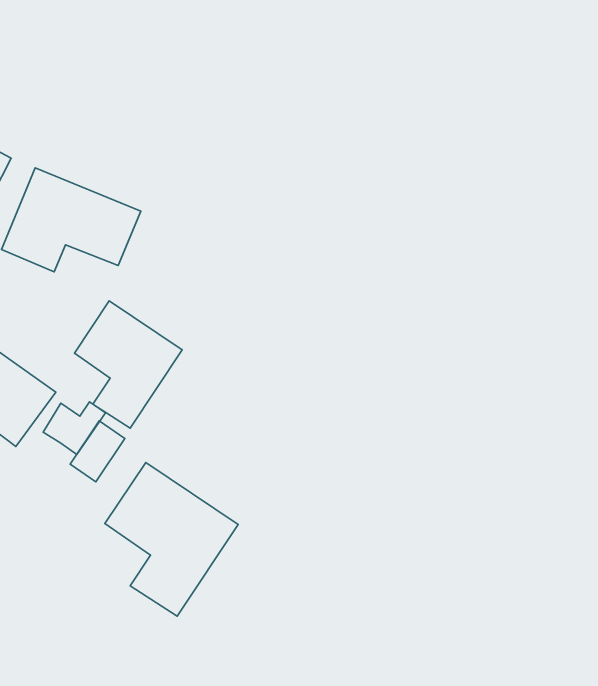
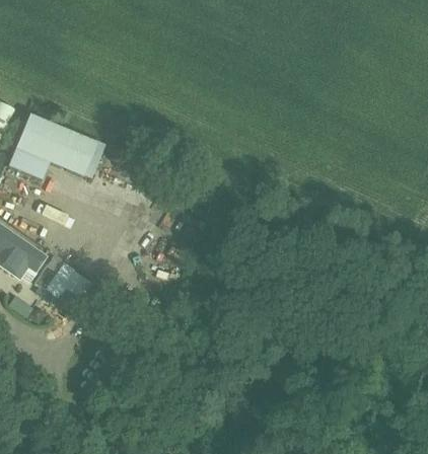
building: [74,301,182,428] -> none
building: [105,463,238,616] -> none

